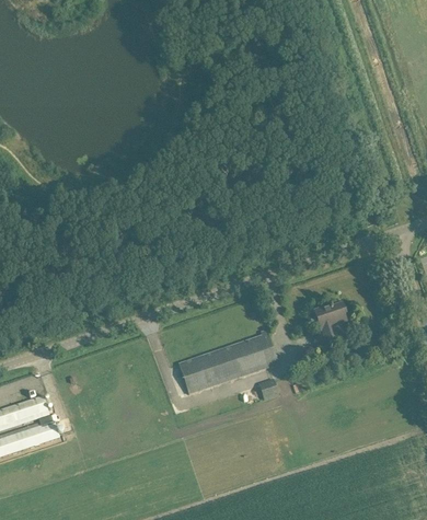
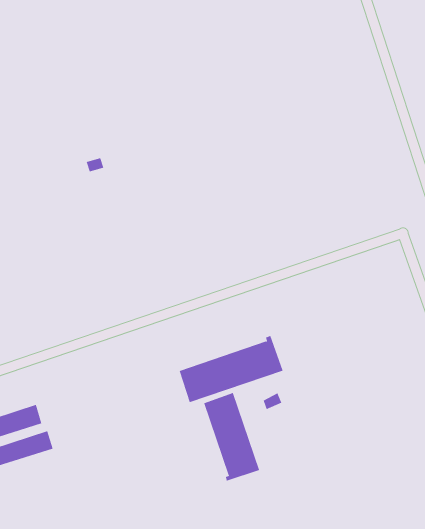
building: [314,302,347,340] -> none
building: none -> [203,392,260,482]

